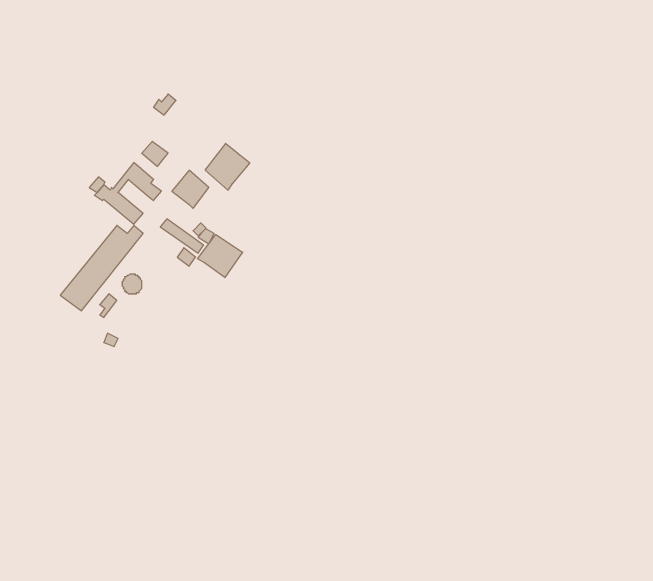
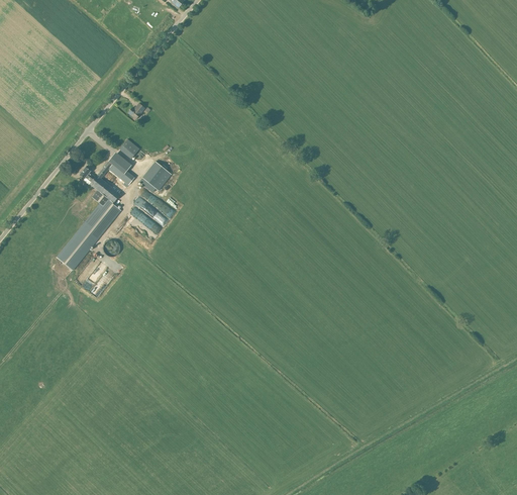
building: [205,143,250,190] -> none
building: [198,235,243,278] -> none

